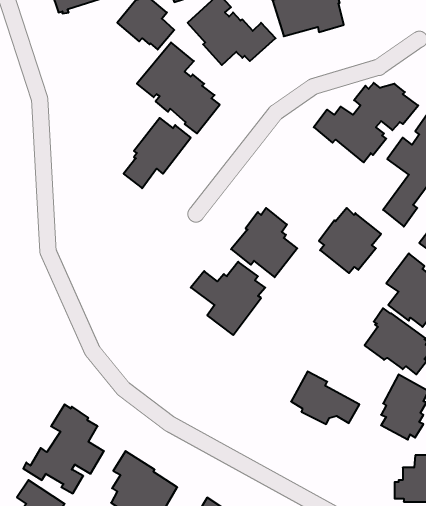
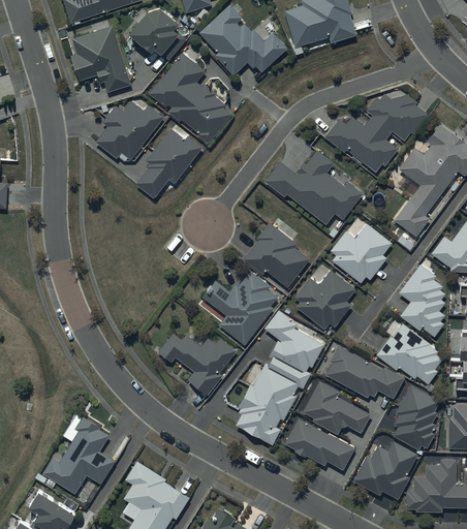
building: none -> [71,26,131,93]
building: none -> [95,97,164,161]
building: none -> [264,150,363,224]
building: none -> [294,270,355,330]
building: none -> [236,310,324,445]
building: none -> [158,333,237,395]
building: none -> [325,346,404,399]
building: none -> [284,417,354,470]
building: none -> [352,440,417,499]

